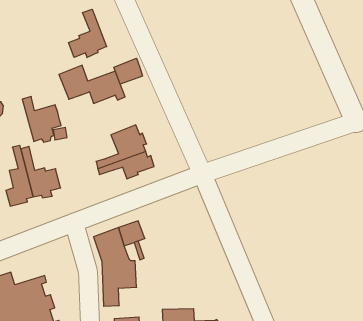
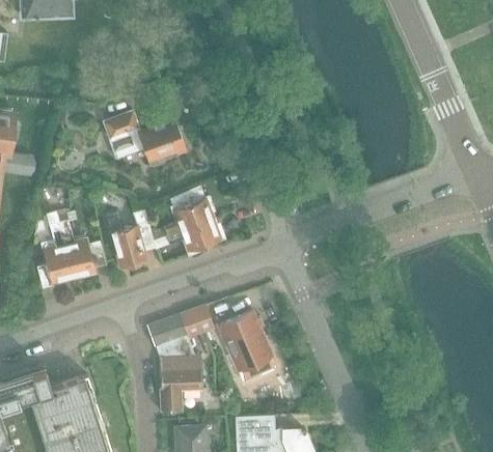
building: [69,9,107,58] -> none
building: [114,58,143,84] -> none
building: [22,97,61,142] -> [106,211,155,269]
building: none -> [217,311,273,382]

